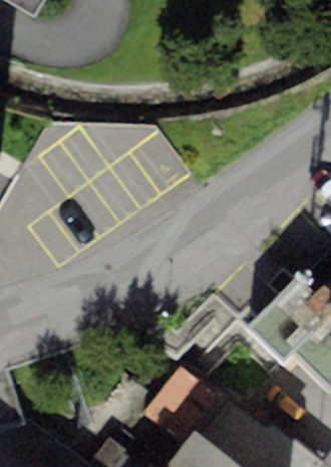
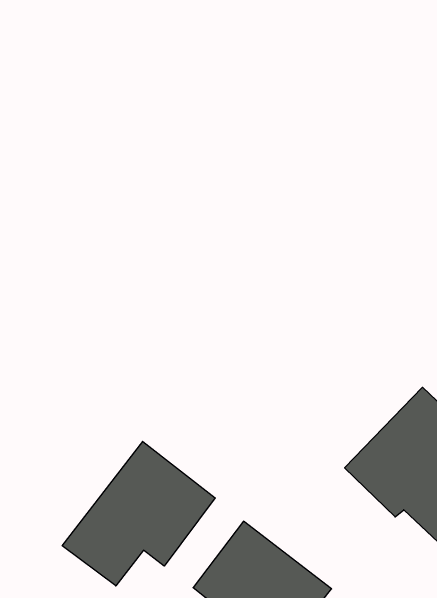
building: none -> [62,441,215,586]

